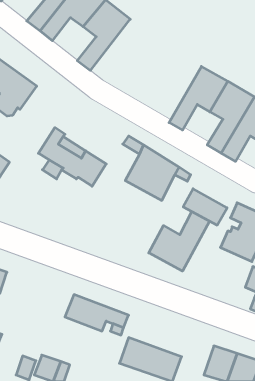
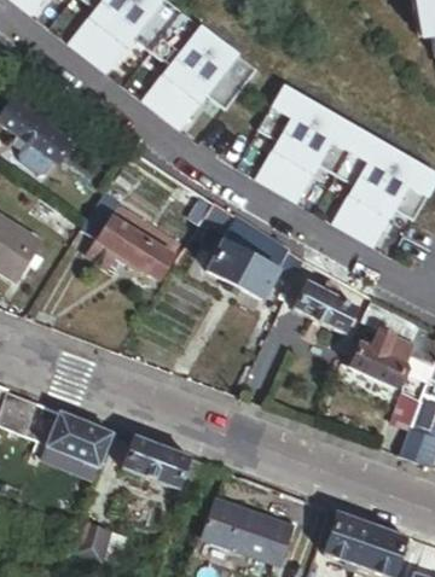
building: none -> [160,36,255,126]
building: none -> [254,82,321,187]
building: [149,212,210,271] -> none
building: none -> [43,415,112,479]

